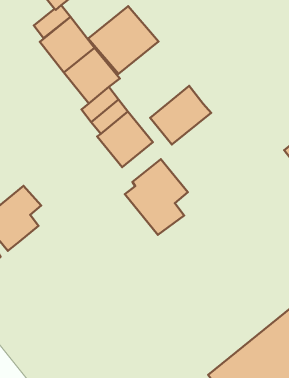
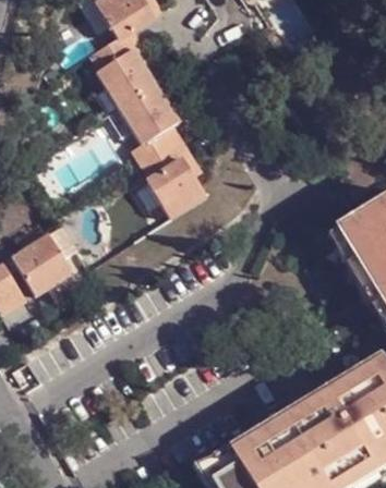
building: [88,6,158,74] -> none
building: [150,86,211,145] -> none
building: [125,159,188,235] -> none

